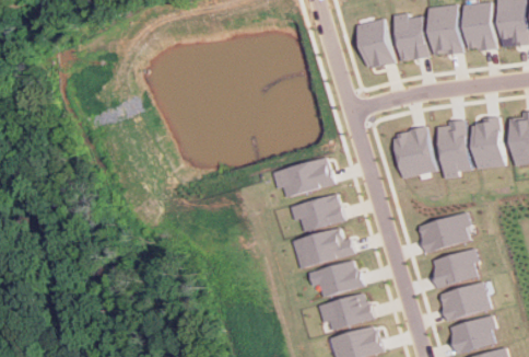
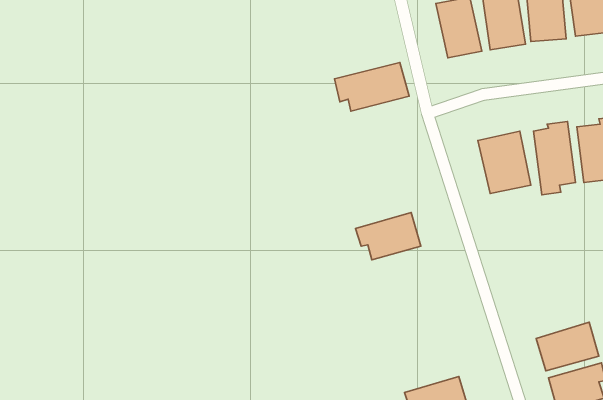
building: [274,158,334,197] -> [335,62,409,111]
building: [416,212,468,252] -> none
building: [294,228,355,268] -> none
building: [428,249,475,287] -> none
building: [317,260,362,297] -> none
building: [320,292,373,330] -> none

